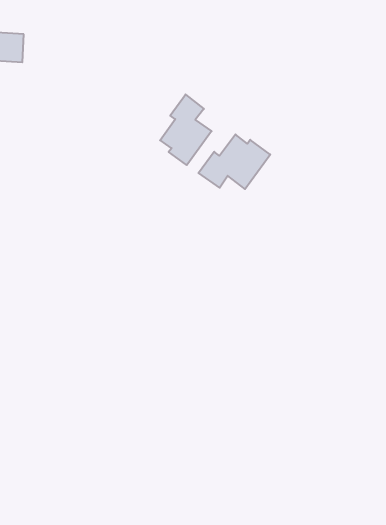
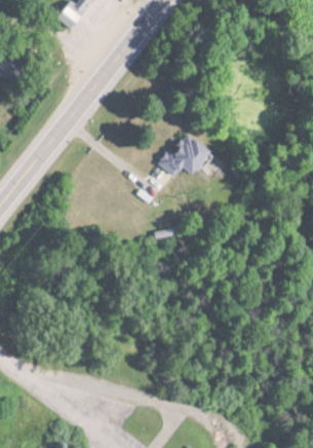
building: [160,94,212,165] -> none

